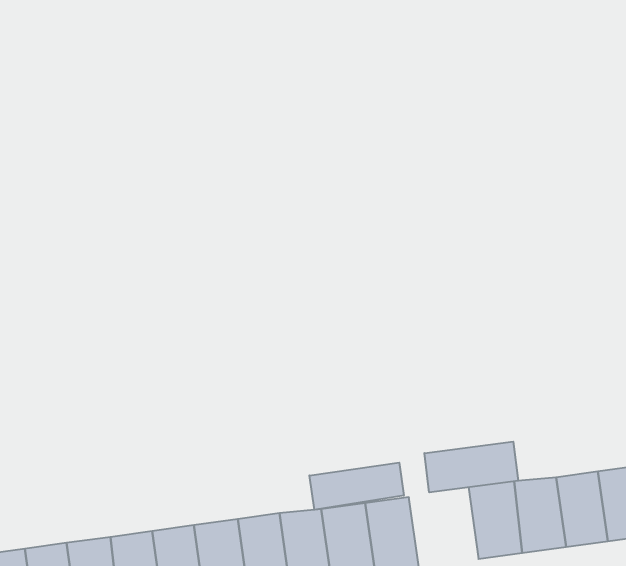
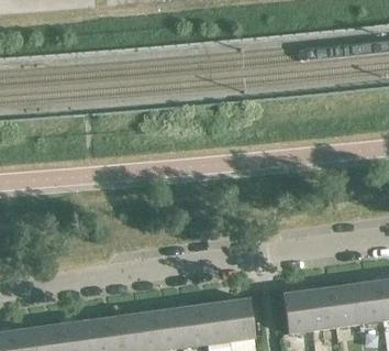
building: [424,442,518,492] -> none
building: [309,463,404,510] -> none

